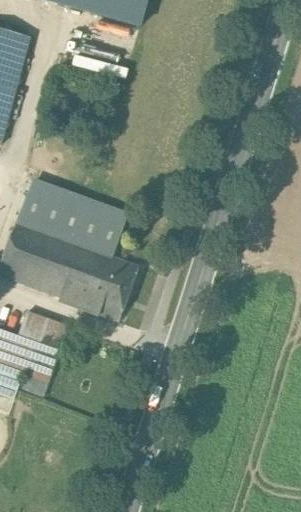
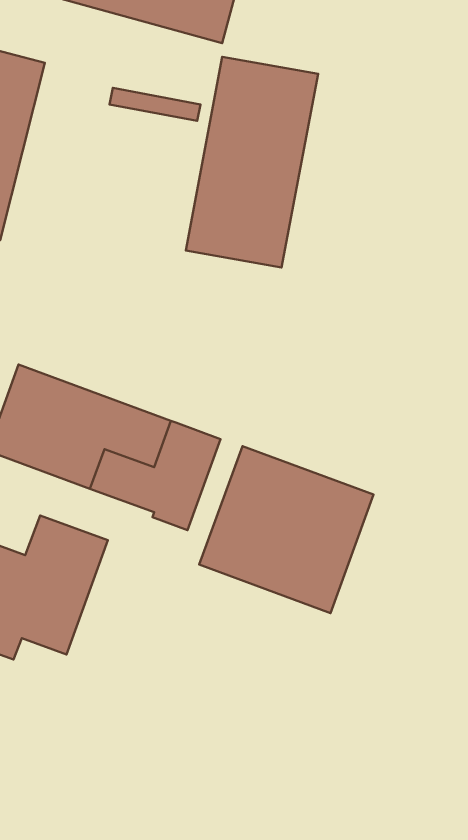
building: none -> [186,57,318,268]
building: [15,178,126,255] -> none
building: none -> [199,446,374,613]

